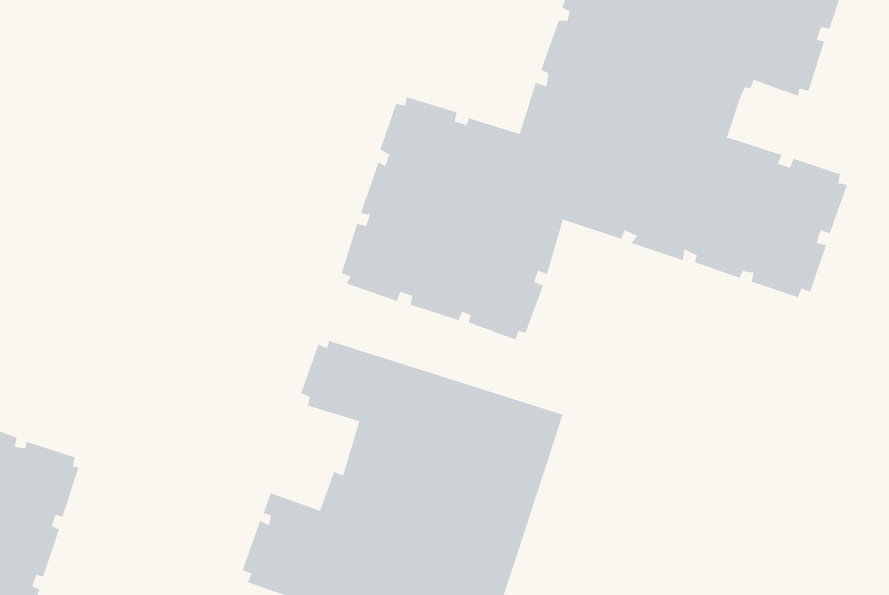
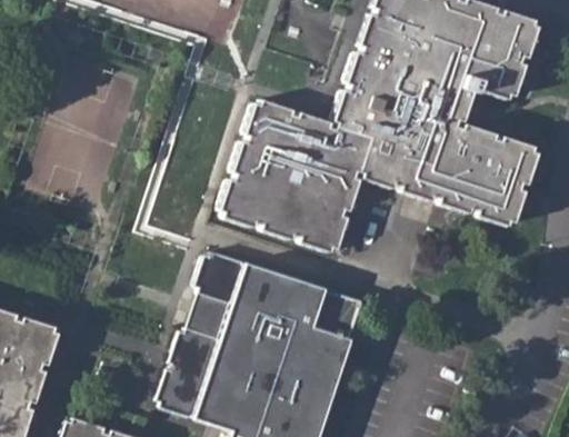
building: none -> [178,294,233,359]

